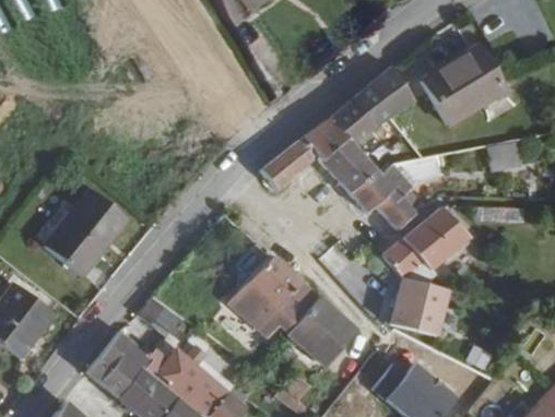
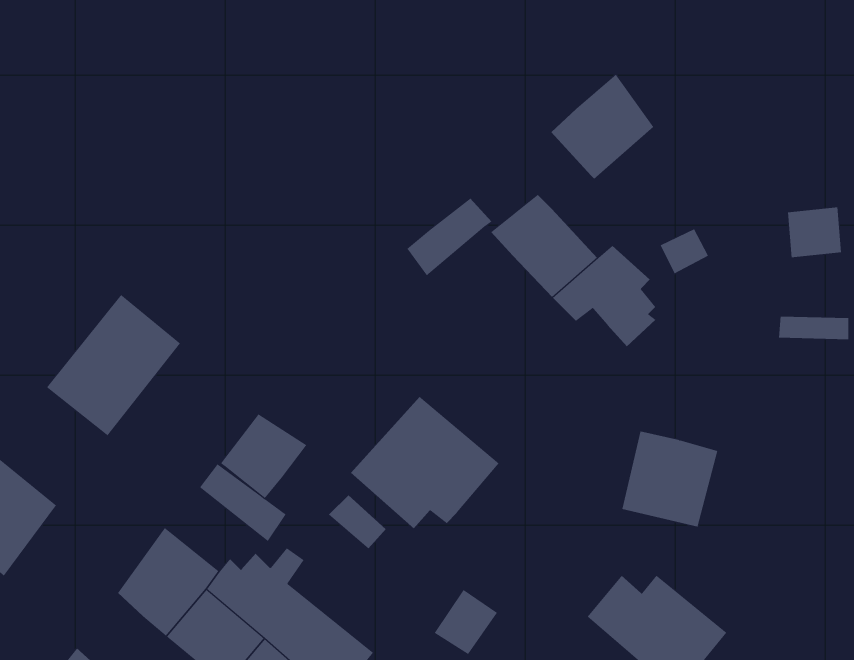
building: [418,40,503,119] -> none
building: [302,96,374,156] -> none
building: [382,202,467,281] -> none
building: none -> [221,414,307,499]
building: [294,295,356,356] -> none

